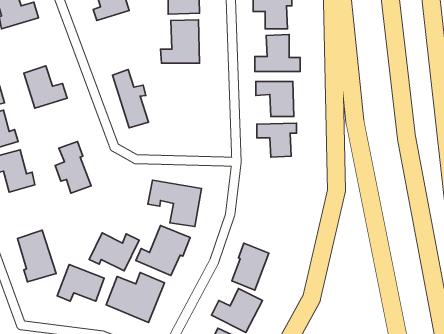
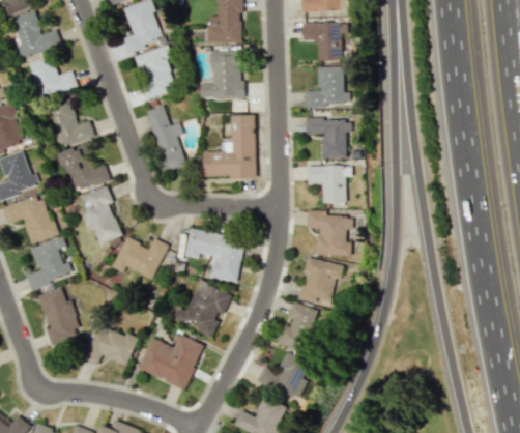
building: none -> [134,46,174,99]
building: none -> [29,56,77,98]
building: none -> [202,115,256,178]
building: none -> [60,144,110,192]
building: none -> [307,210,352,256]
building: none -> [26,237,75,289]
building: none -> [298,258,340,304]
building: [89,233,139,271] -> [112,237,168,280]

